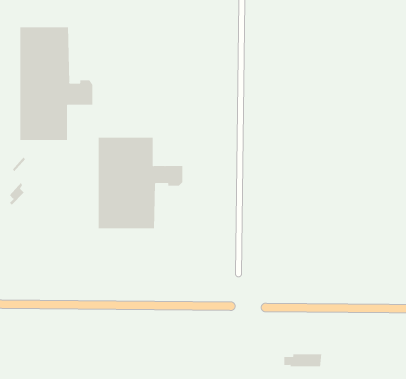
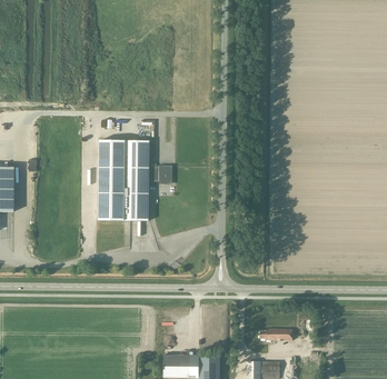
building: [20,26,93,141] -> none

